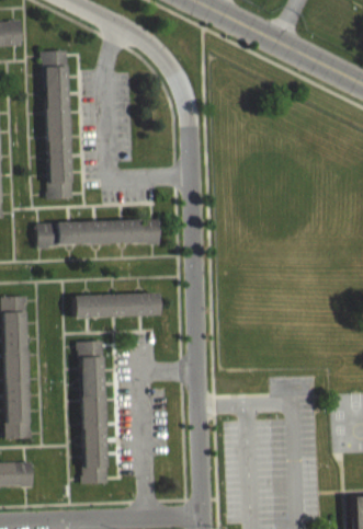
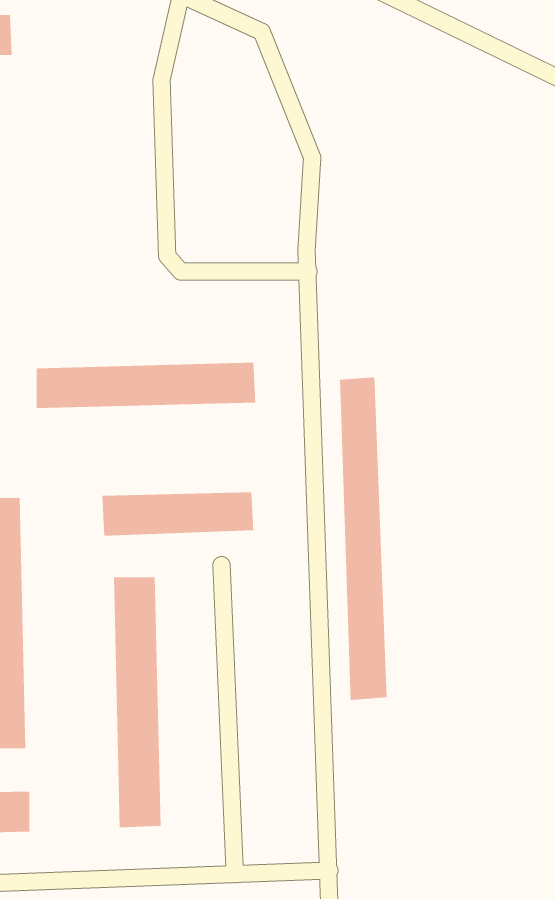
building: [44,50,72,199] -> none
building: none -> [339,377,387,701]

